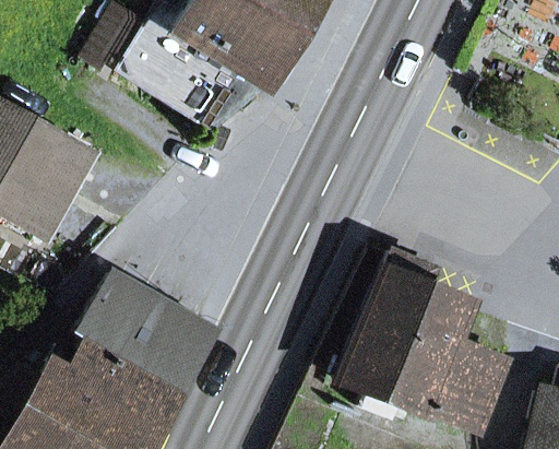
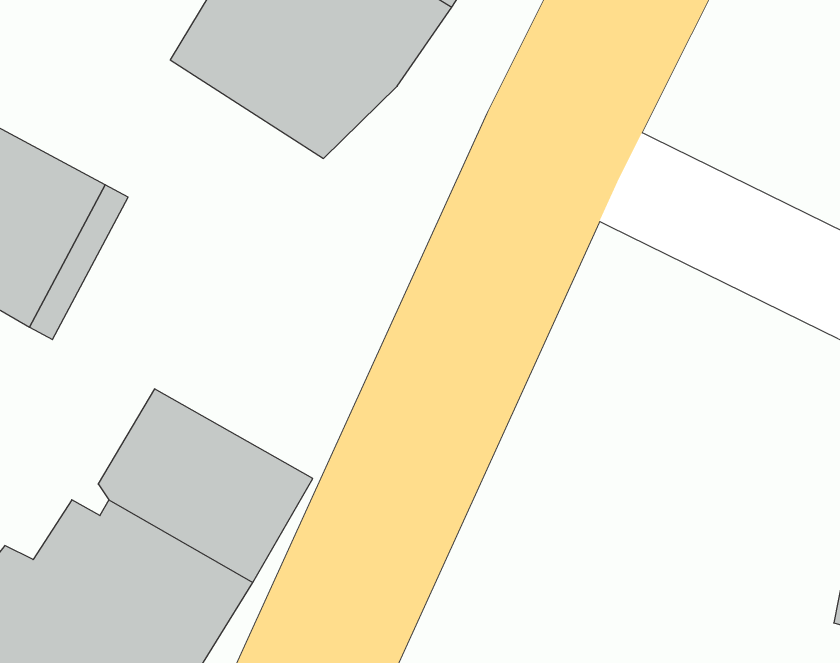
building: [338,252,512,433] -> none

